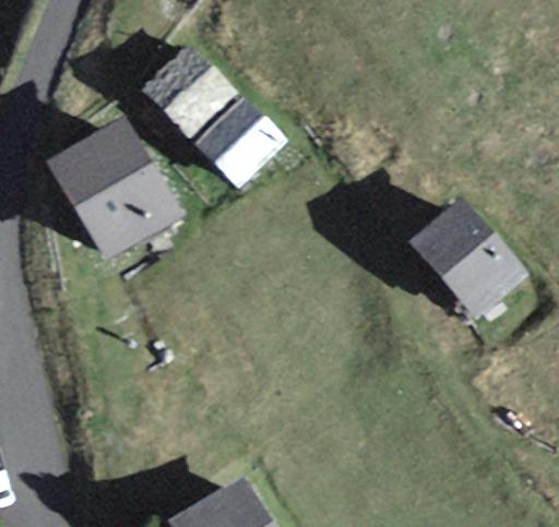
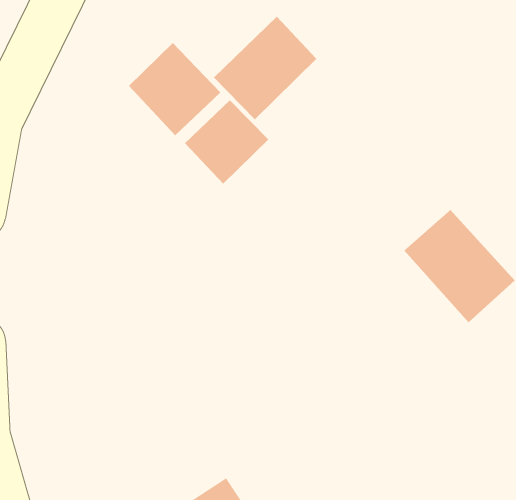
building: none -> [213,16,317,120]
building: [56,127,181,259] -> none

